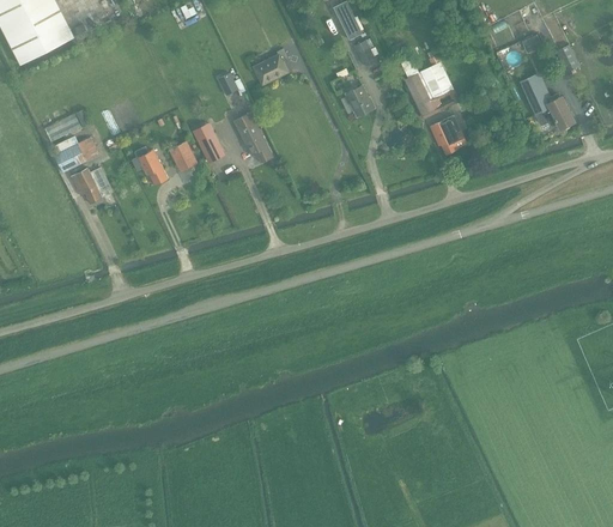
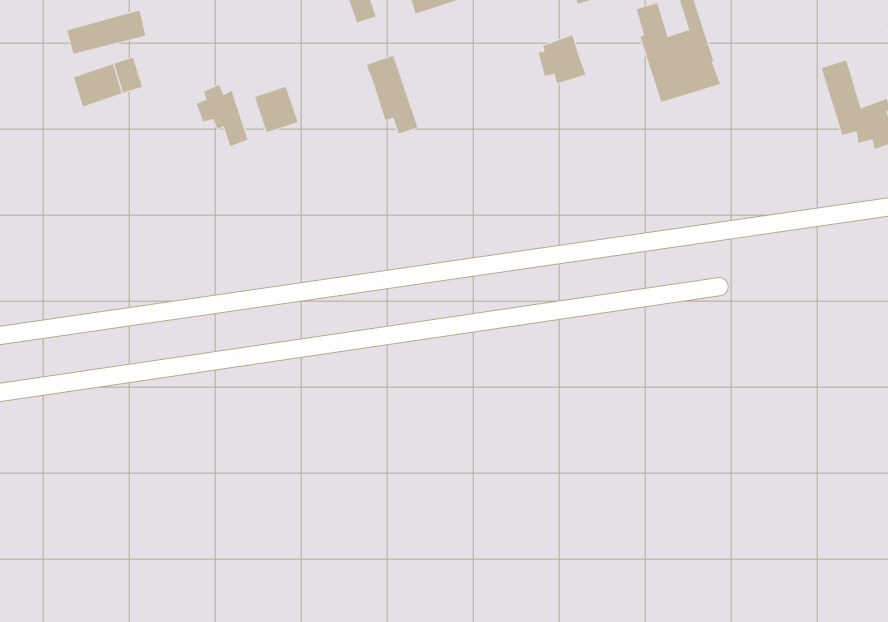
building: [429,115,466,155] -> none
building: [192,123,224,163] -> none
building: [72,168,101,204] -> none

